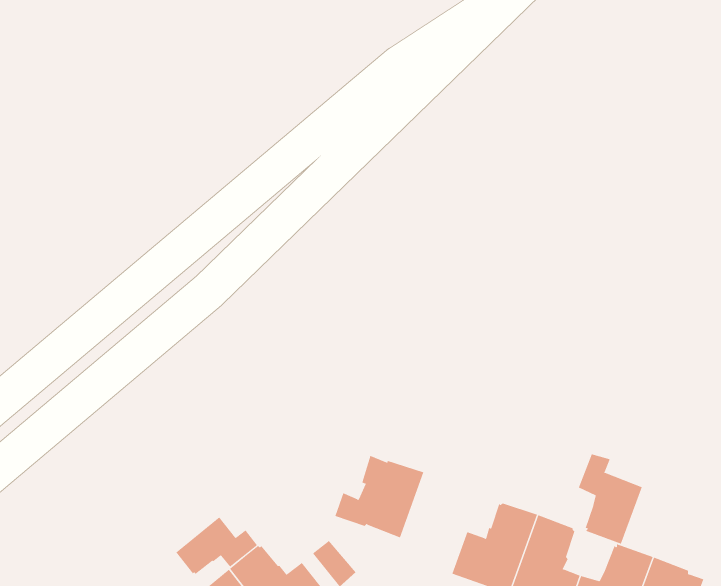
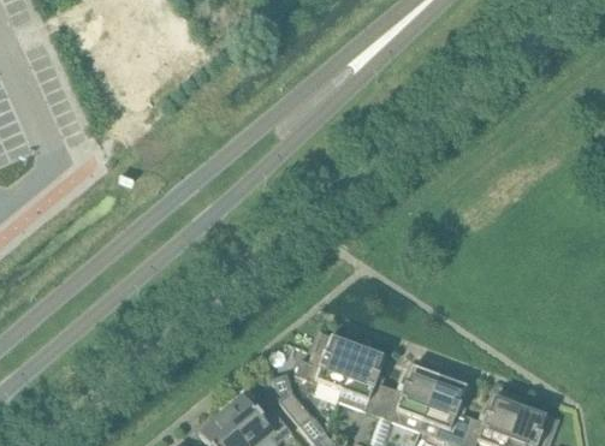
building: [578,453,642,544] -> none
building: none -> [338,344,390,416]
building: [176,516,258,575] -> none

